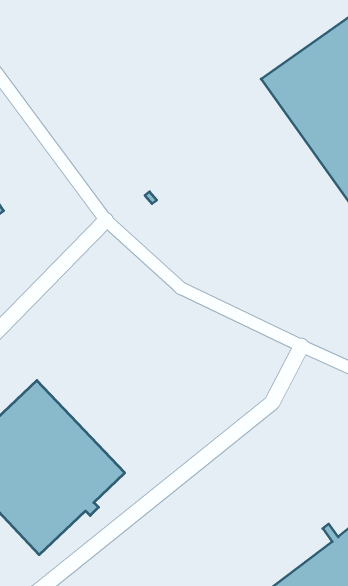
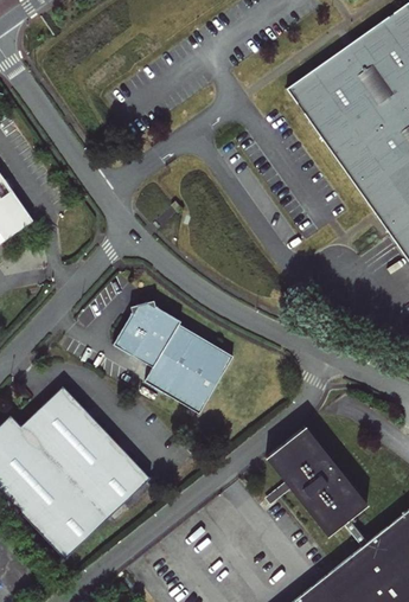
building: none -> [116,301,236,414]
building: none -> [267,433,360,537]

